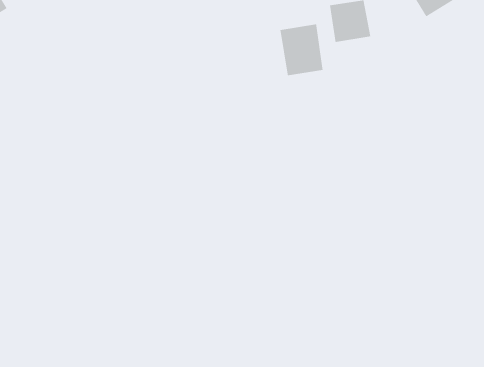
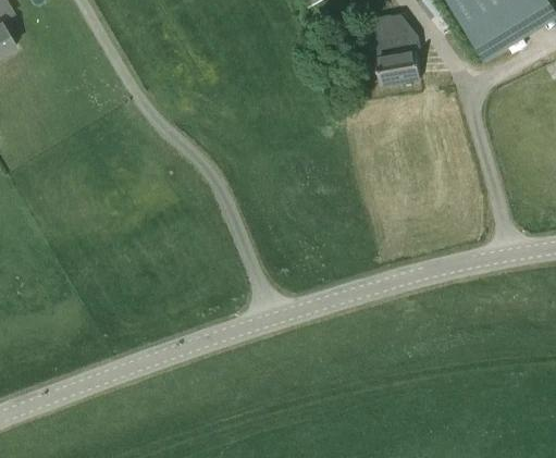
building: [280,24,323,76] -> none

